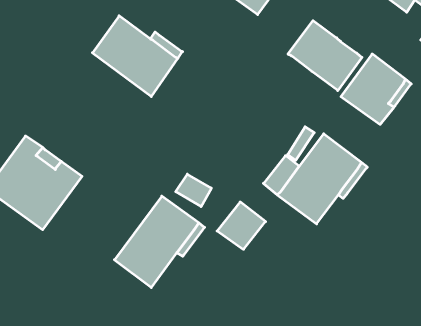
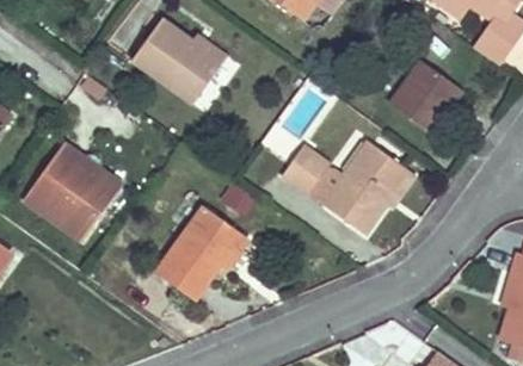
building: [288,21,362,91] -> none
building: [217,202,266,249] -> [282,144,332,193]

